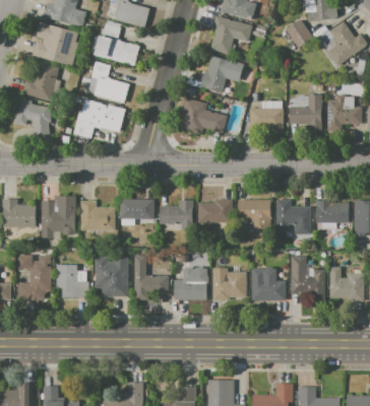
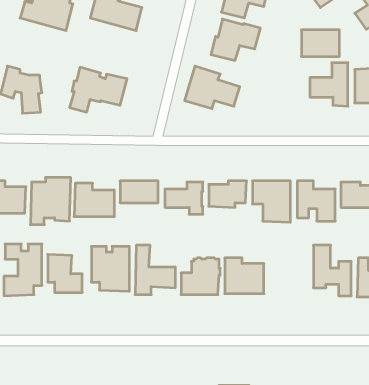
building: [88,61,128,103] -> none
building: [22,62,60,100] -> none
building: [249,108,283,131] -> [301,30,339,56]
building: [251,267,286,300] -> none

